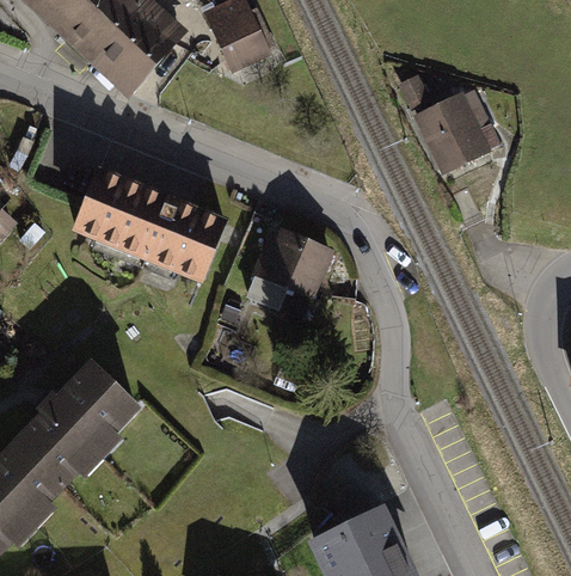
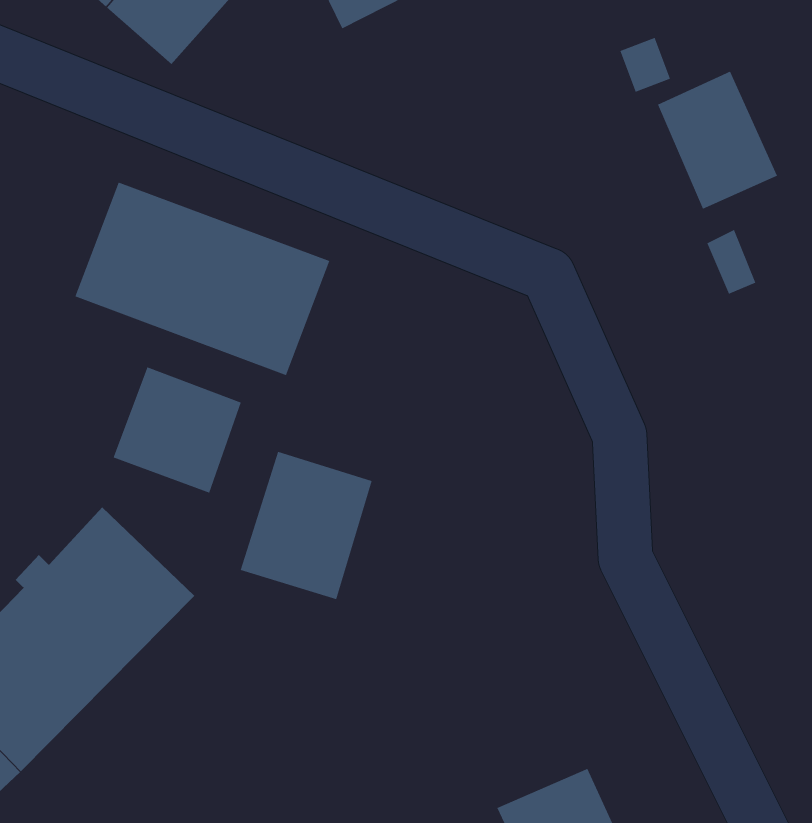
building: [247,226,327,315] -> [240,451,373,600]
building: none -> [113,367,241,494]

